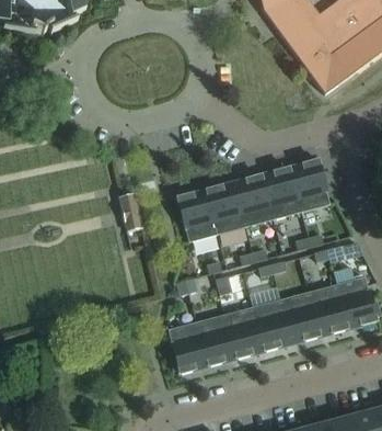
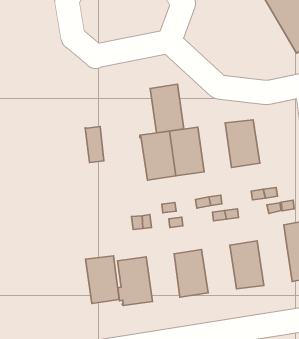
building: [290,158,331,211] -> none
building: [234,173,274,226] -> [150,84,184,133]
building: [309,283,348,336] -> none
building: [253,298,293,350] -> none
building: [197,314,236,365] -> [85,256,119,304]

